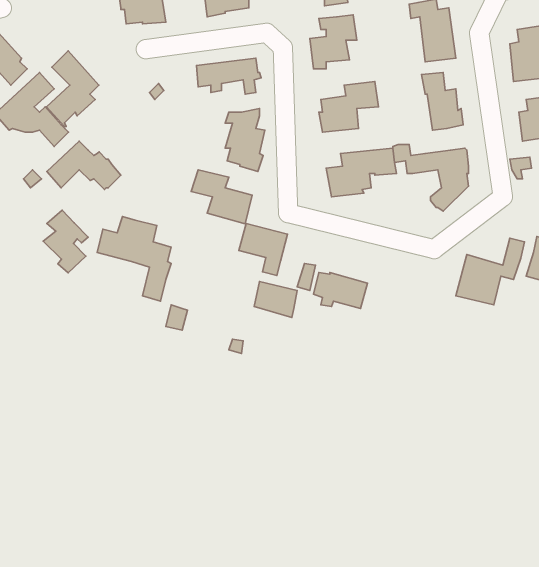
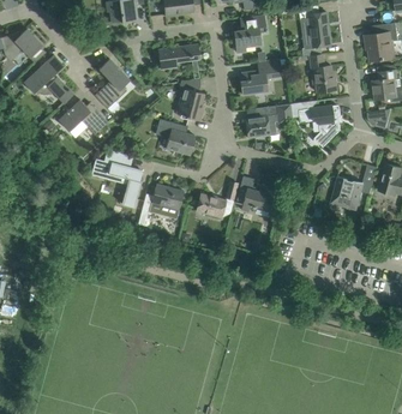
building: [46,51,99,127] -> [95,58,130,108]
building: [43,210,88,273] -> none
building: [239,223,288,276] -> [151,184,184,218]

